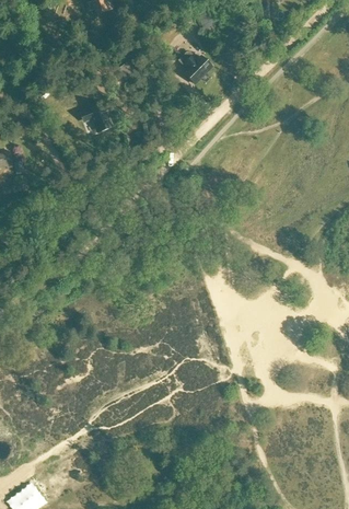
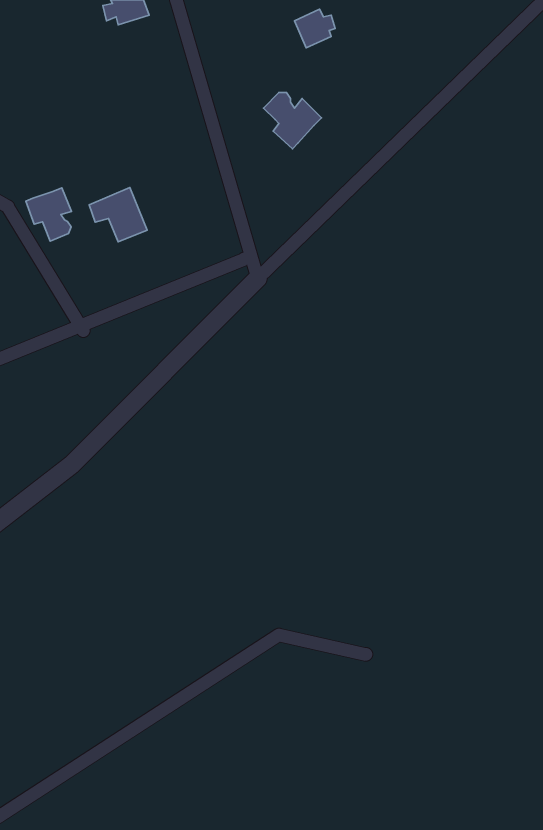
building: none -> [26,188,72,241]

